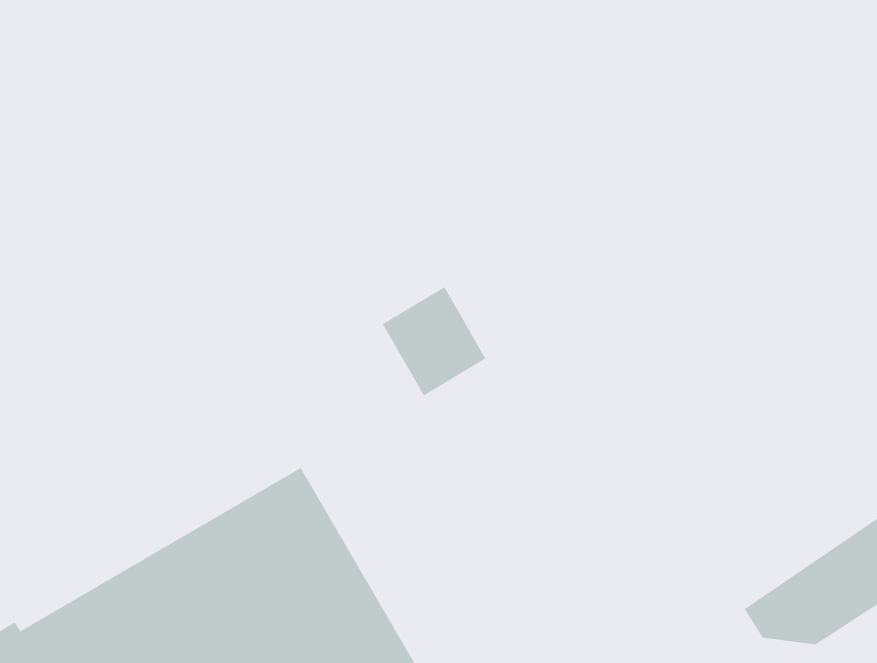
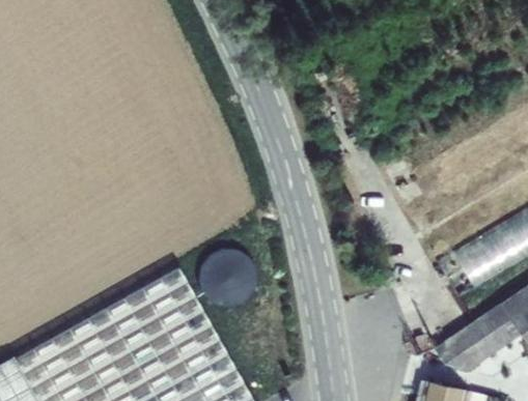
building: [382,286,486,396] -> [197,246,257,309]

